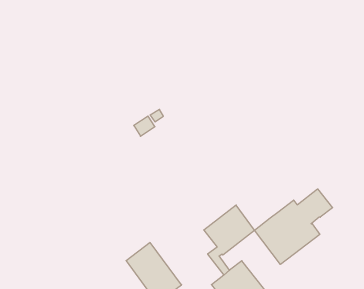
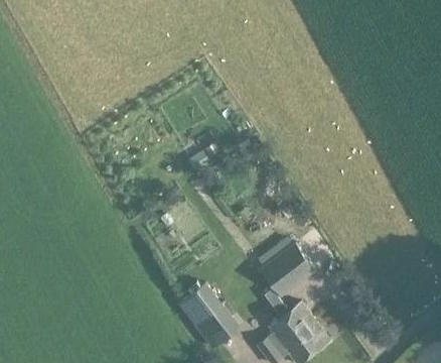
building: [254,189,333,264] -> none

